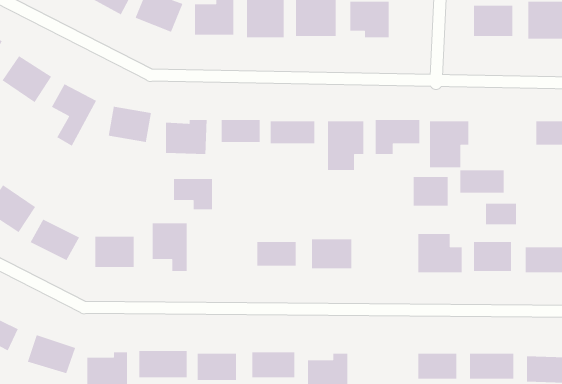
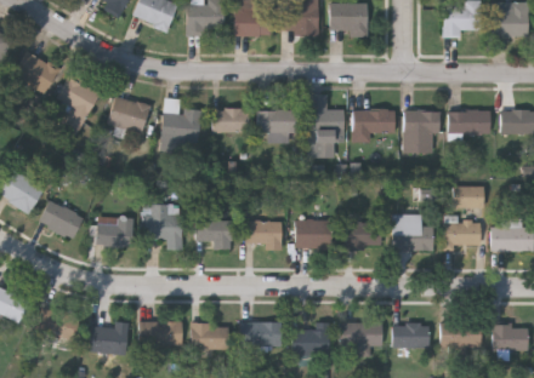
building: [459,170,504,194] -> [448,113,489,134]
building: [413,176,449,207] -> [346,222,379,250]
building: [173,178,213,210] -> [195,220,232,250]
building: none -> [340,323,381,346]

